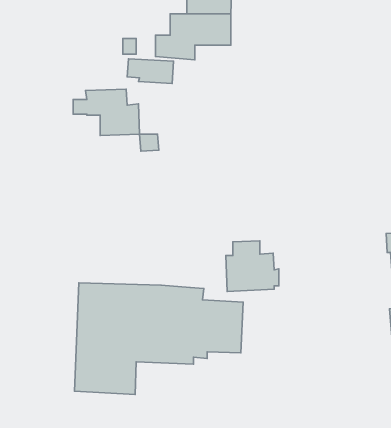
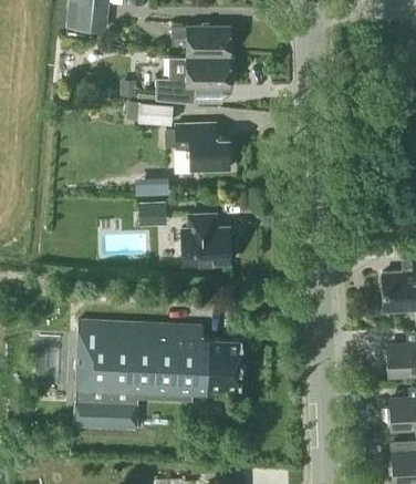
building: [73,89,140,135] -> [165,121,230,166]
building: none -> [139,203,167,227]
building: [226,241,279,291] -> [181,215,233,265]

